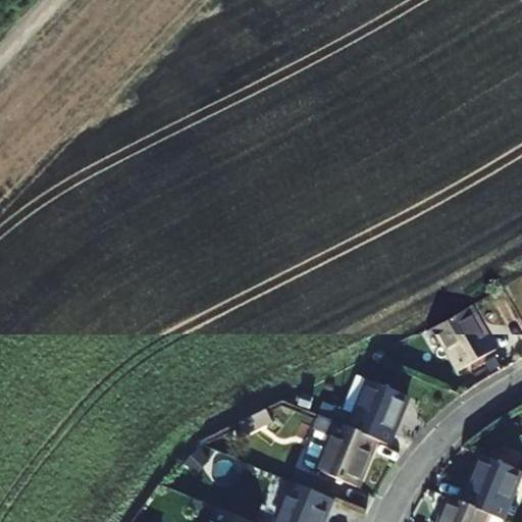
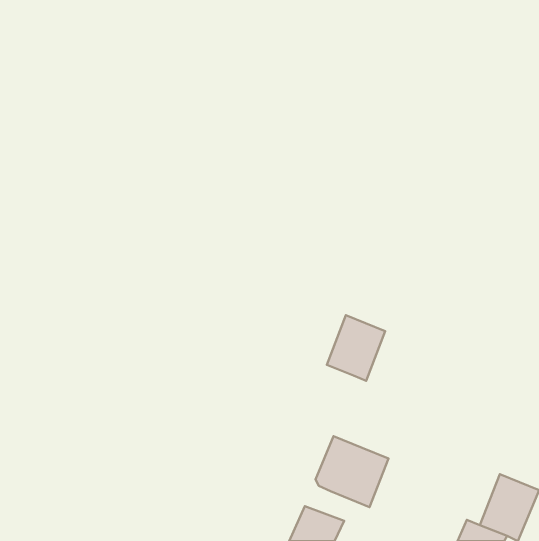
building: [431,306,493,370] -> none
building: [351,383,407,447] -> [327,315,385,381]

